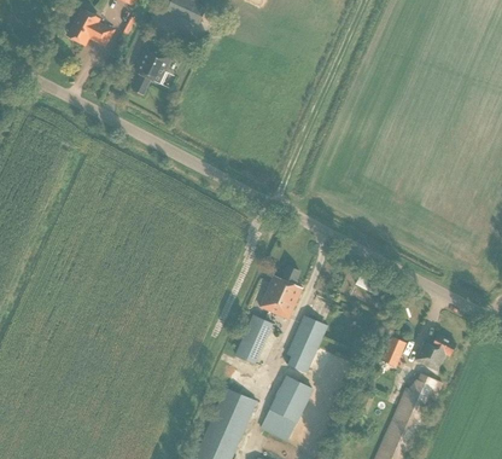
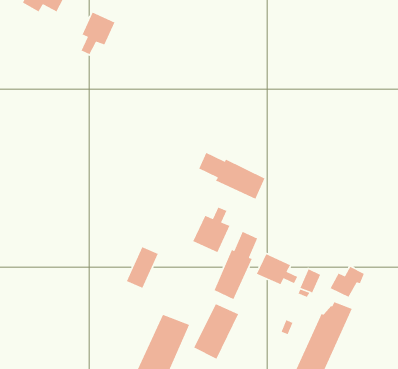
building: none -> [198,152,266,200]
building: [234,315,272,364] -> [126,246,159,289]
building: none -> [256,253,298,285]

